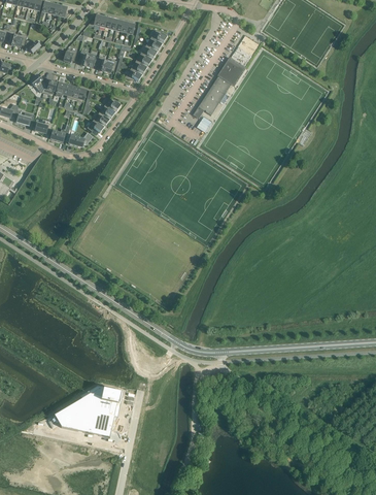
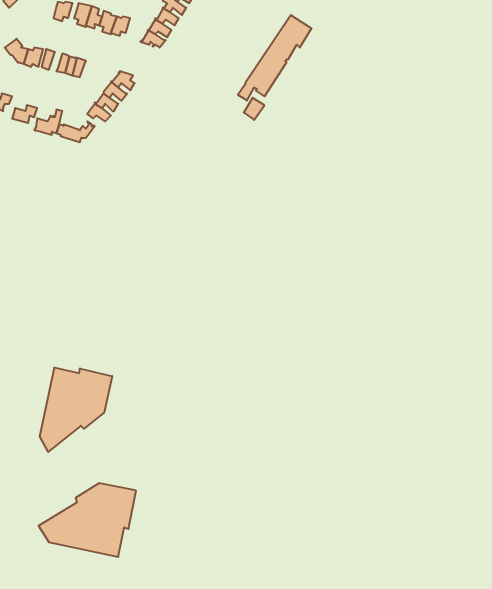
building: none -> [40,367,112,452]

